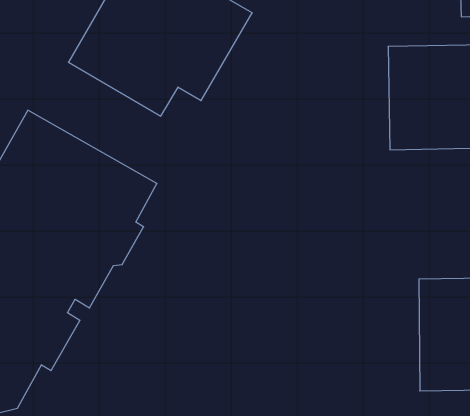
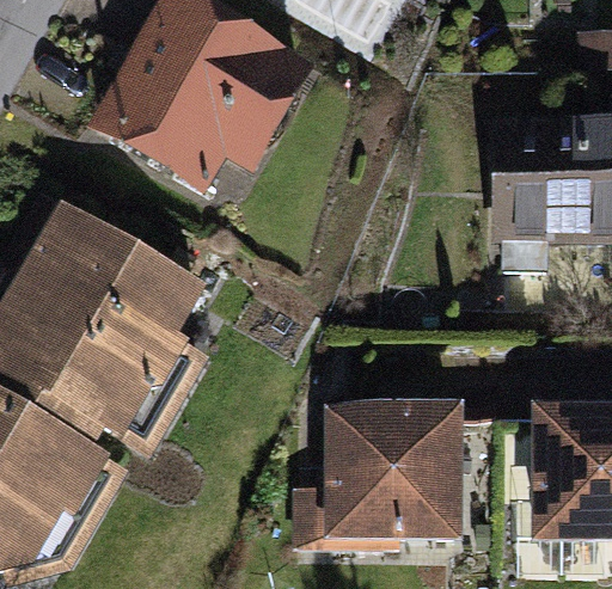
building: none -> [293,397,463,548]

